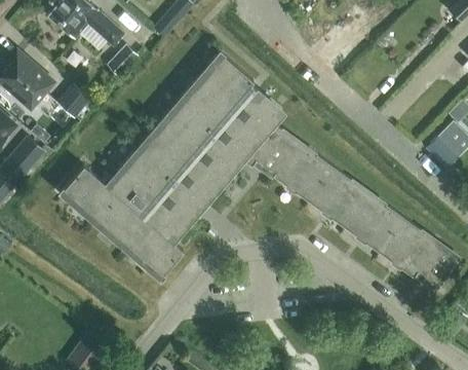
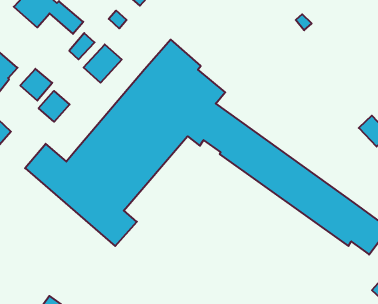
building: none -> [84,44,122,83]
building: none -> [39,91,70,122]

